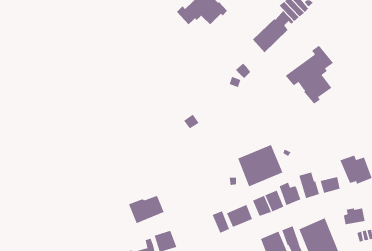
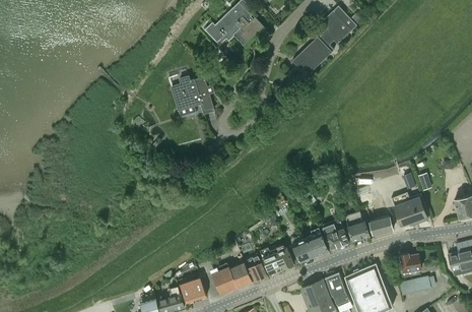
building: [285,45,334,105] -> none
building: none -> [171,76,213,115]
building: [237,144,283,187] -> none
building: [128,195,165,224] -> [210,263,252,296]

